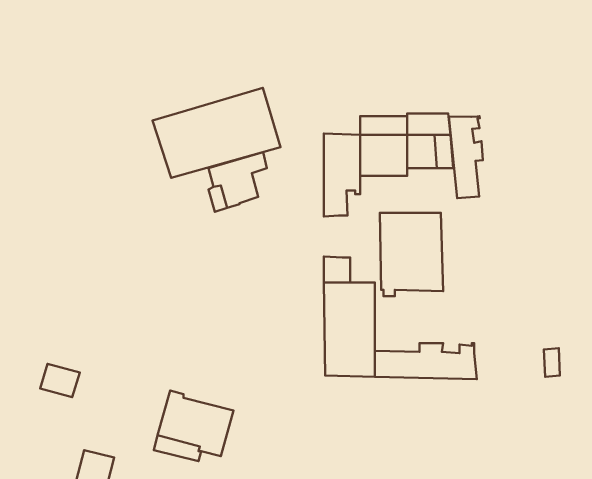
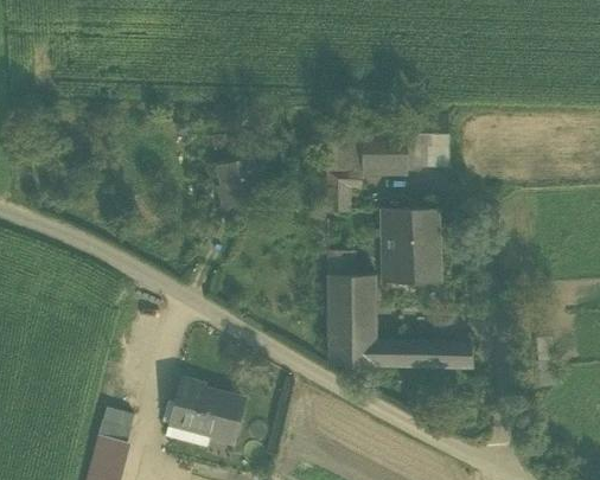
building: [152,88,280,178] -> none
building: [449,116,483,198] -> none
building: [40,364,80,397] -> [96,407,134,439]

